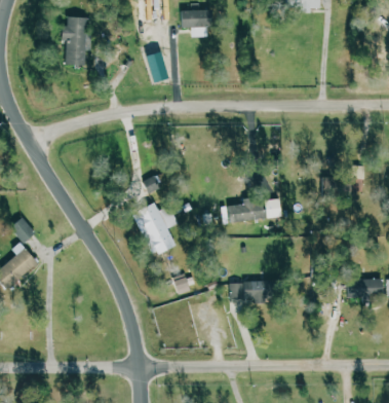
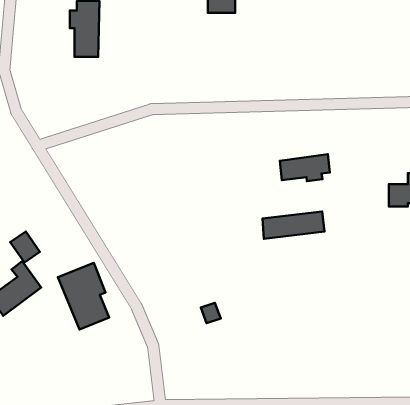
building: none -> [280,154,330,181]
building: [133,199,178,257] -> [58,263,109,329]
building: [231,283,259,299] -> none

